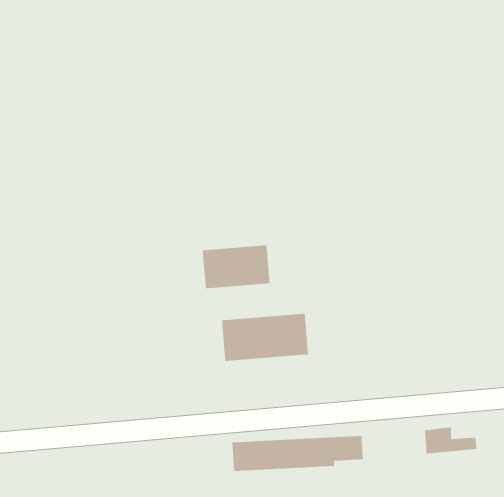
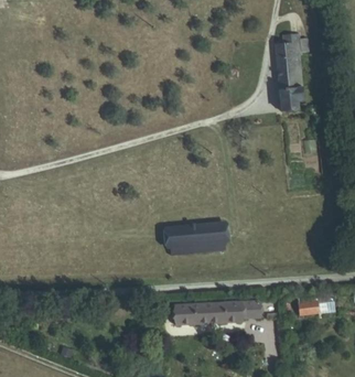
building: none -> [278,39,303,111]
building: [202,244,270,289] -> none

